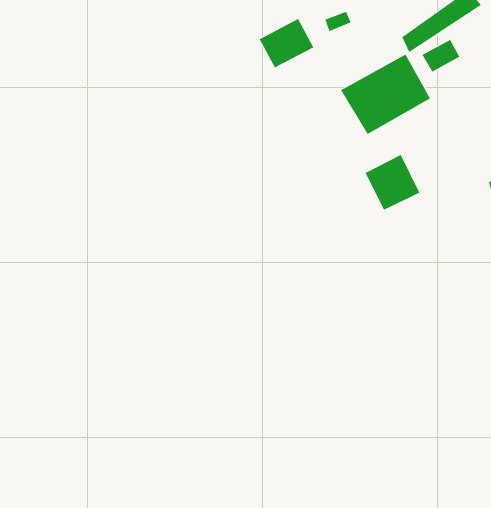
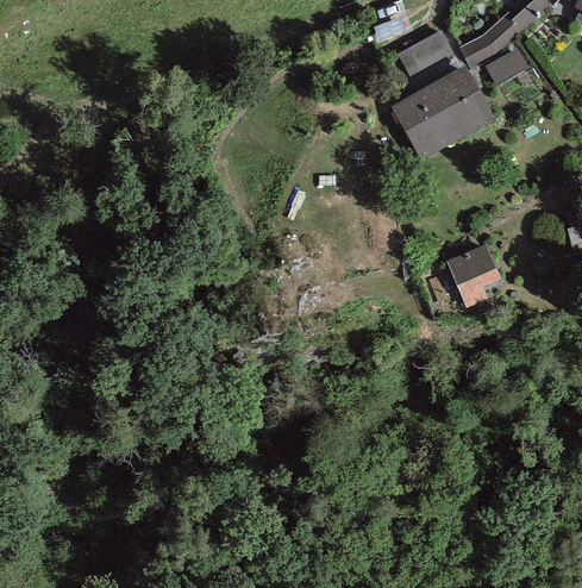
building: [259,18,314,68] -> [398,31,461,88]
building: [365,154,420,210] -> [445,240,508,305]

